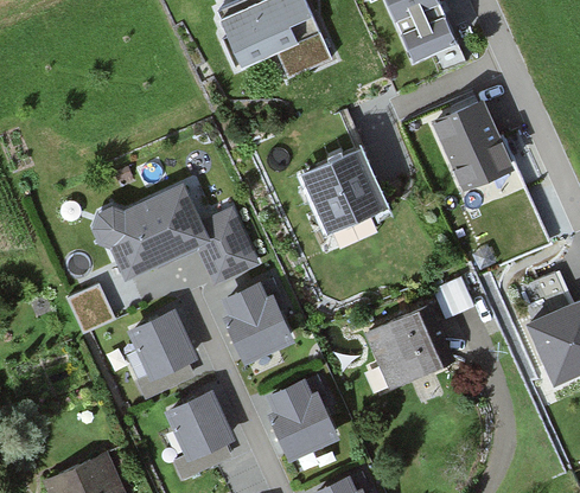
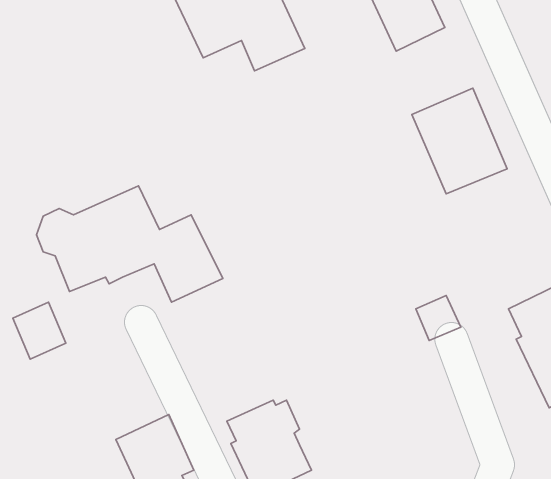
building: [298,145,388,233] -> none
building: [221,280,294,365] -> none
building: [362,303,455,391] -> none
building: [126,308,198,403] -> none

